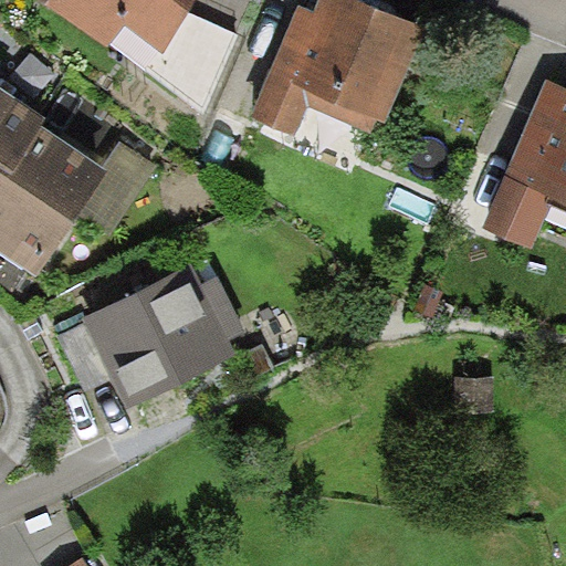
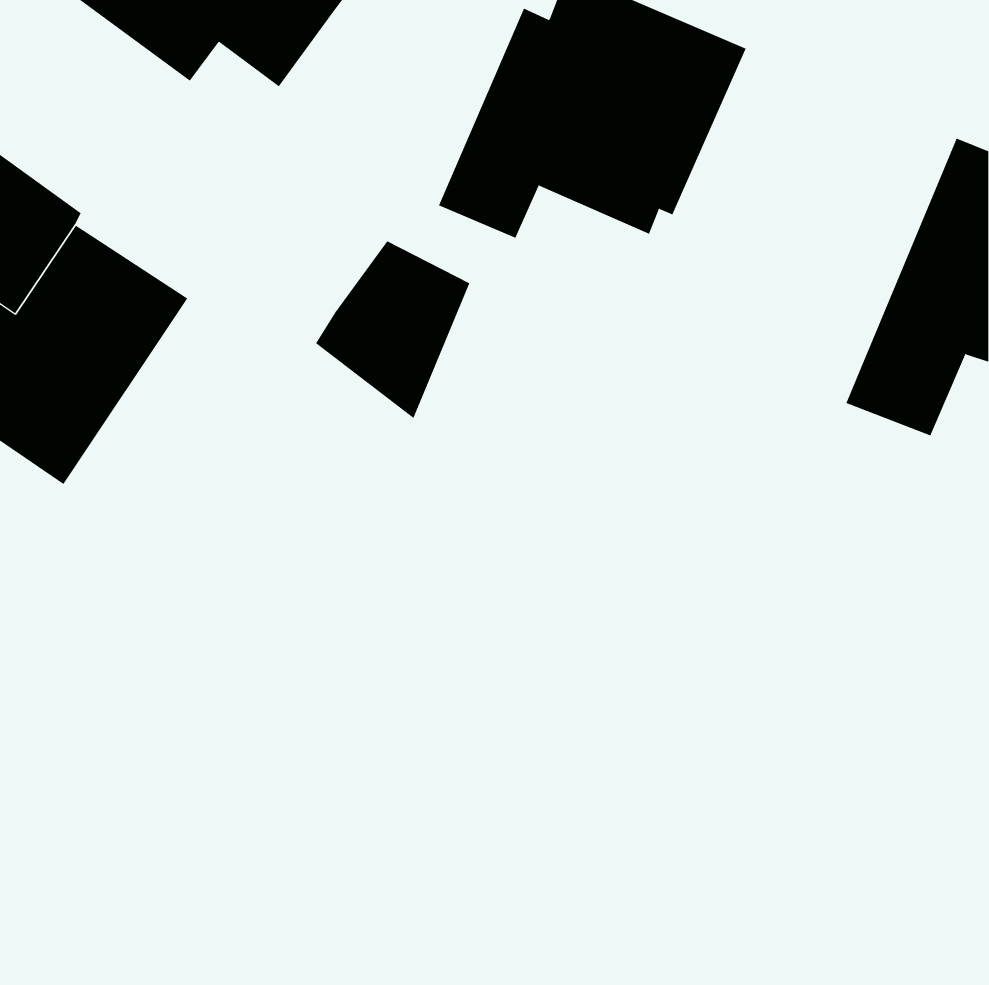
building: [148,9,237,111] -> [315,240,470,419]
building: [74,252,249,412] -> none

